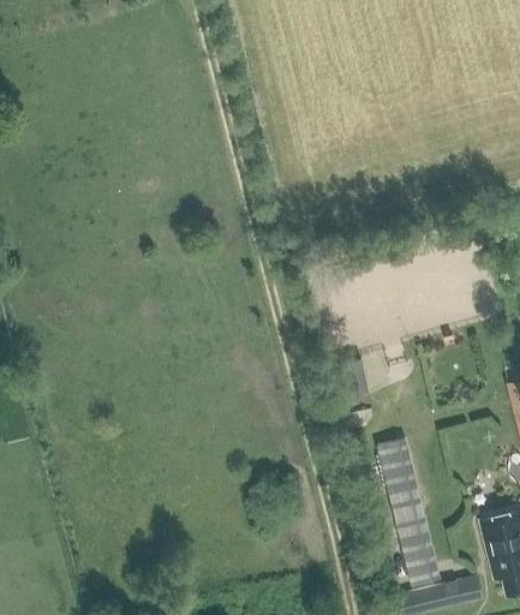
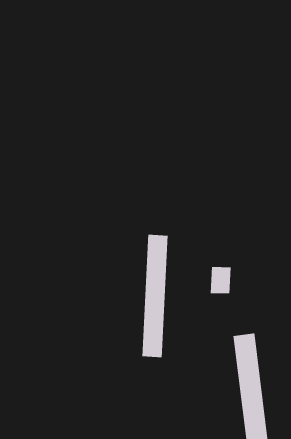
building: none -> [142,234,168,358]

